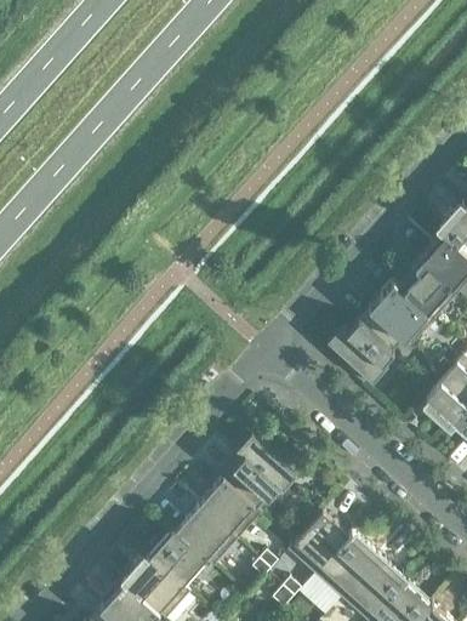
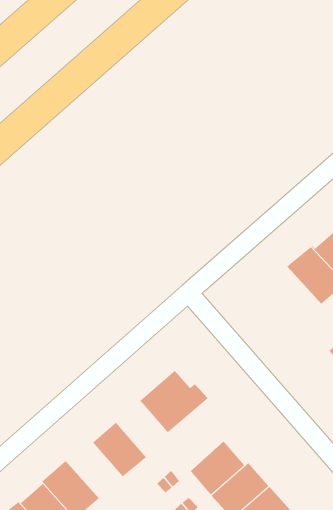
building: [332,309,410,386] -> none
building: [198,479,260,541] -> none
building: [147,529,212,593] -> none

